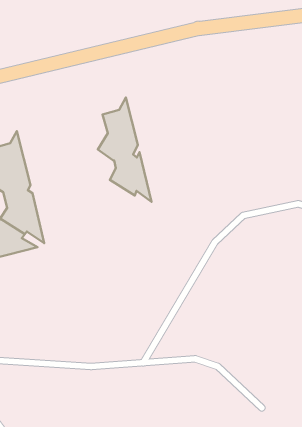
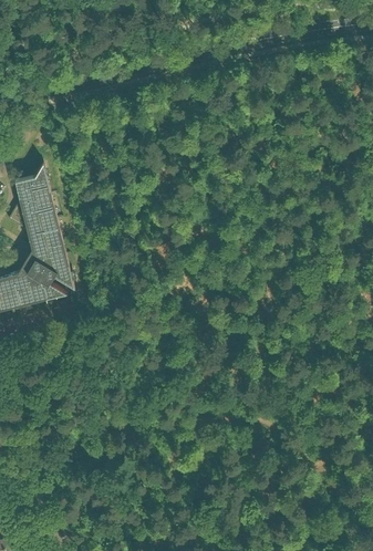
building: [98,98,151,202] -> none

